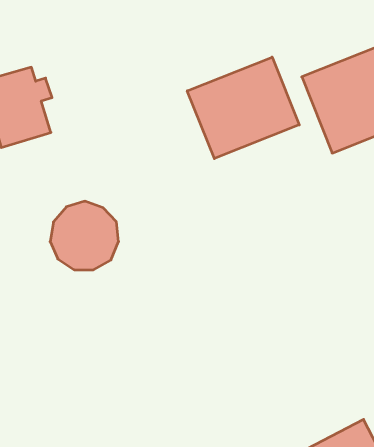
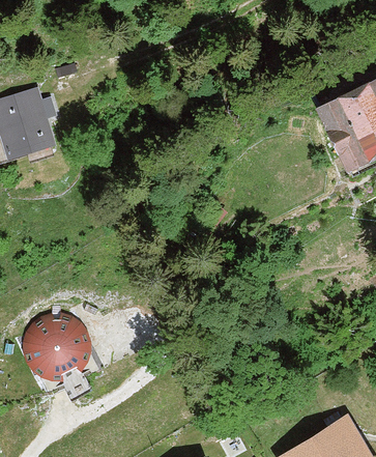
building: [187,57,299,159] -> none
building: [50,201,119,270] -> [26,312,91,377]

